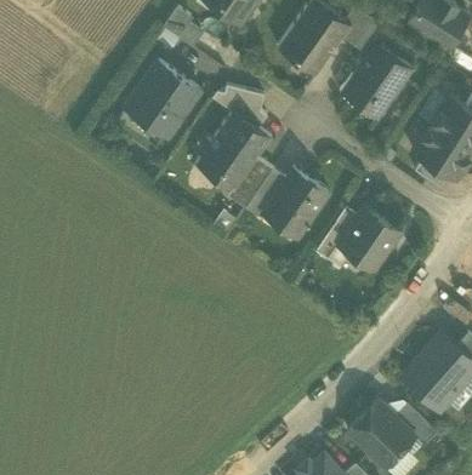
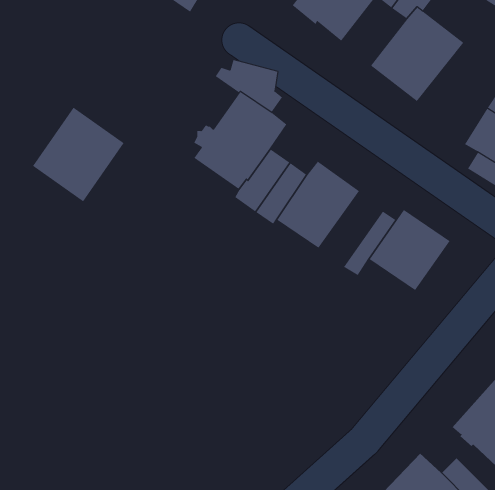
building: [126,61,200,137] -> [32,107,124,202]

